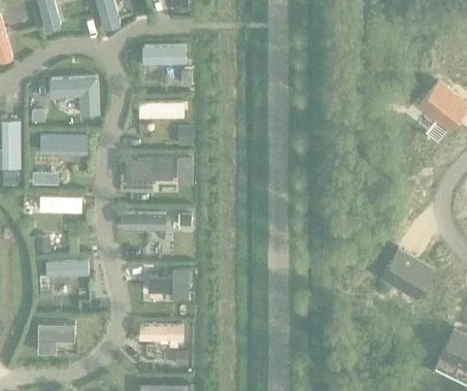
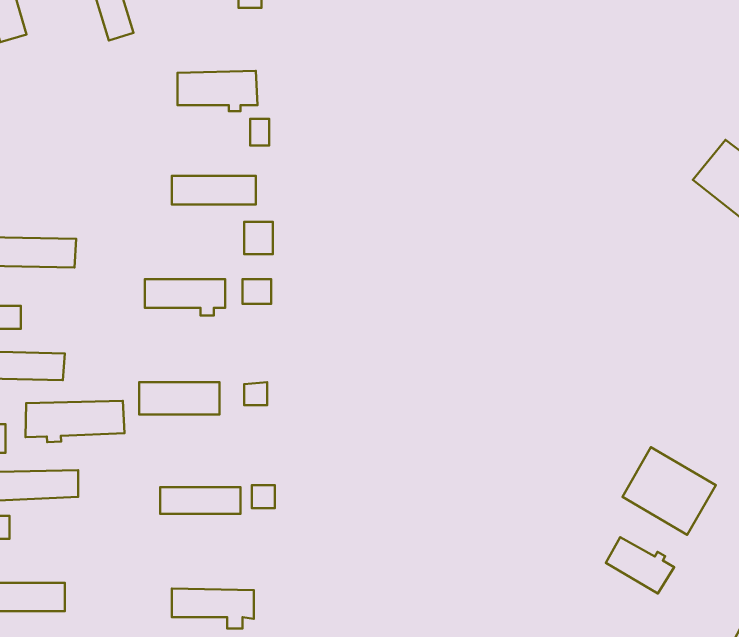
building: [52,77,100,115] -> none
building: none -> [26,401,125,442]
building: none -> [606,537,674,593]

